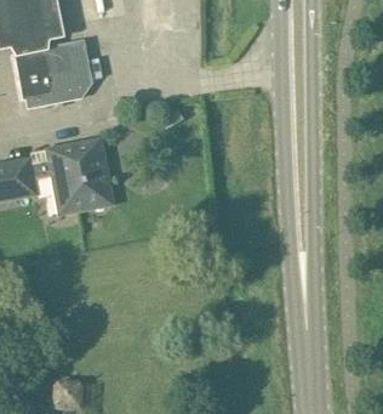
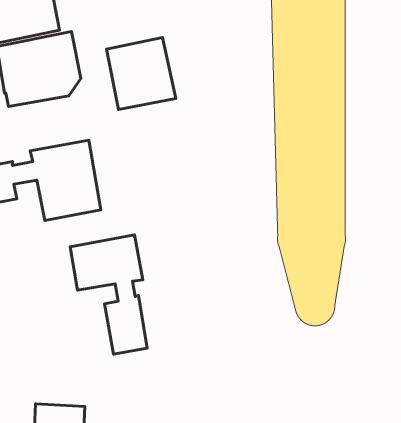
building: none -> [107,37,176,109]
building: none -> [70,235,147,354]

